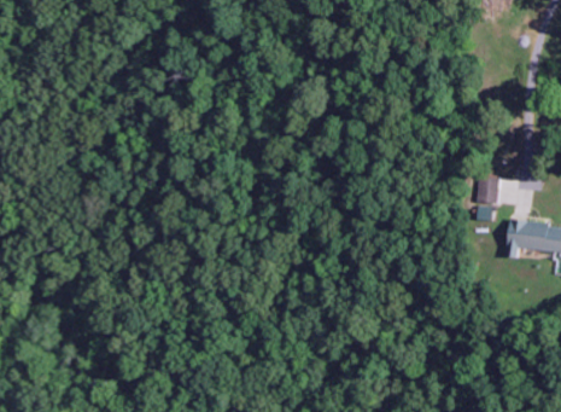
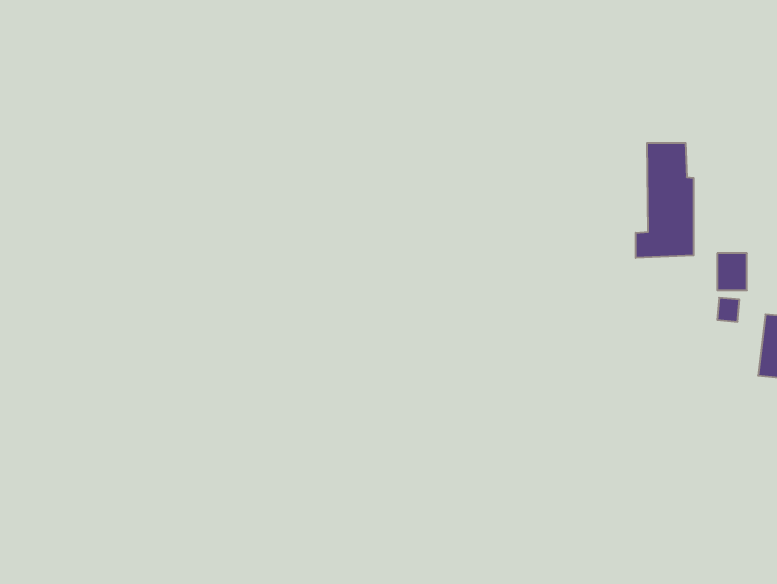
building: none -> [636,143,694,258]

